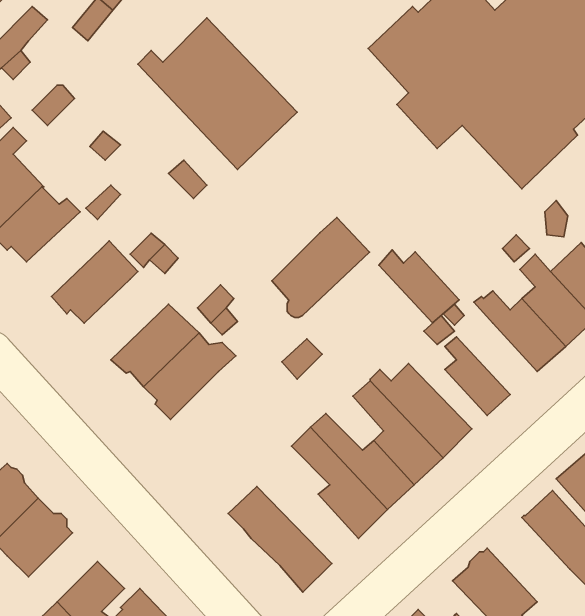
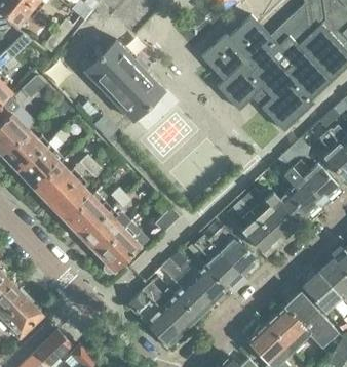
building: none -> [20,145,60,190]
building: [272,218,370,317] -> [97,221,149,275]
building: [379,250,459,323] -> [249,203,293,242]
building: none -> [50,180,91,222]
building: none -> [143,283,197,332]
building: none -> [266,308,310,353]

